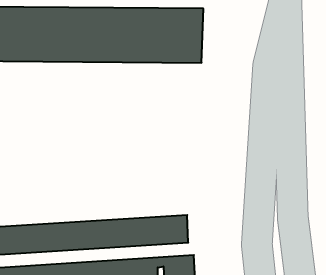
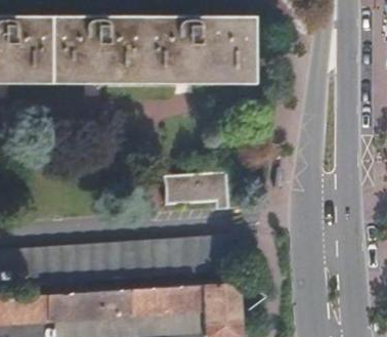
building: none -> [163,173,227,204]

